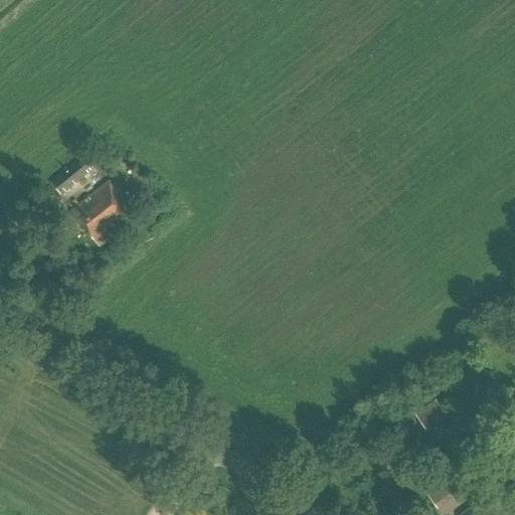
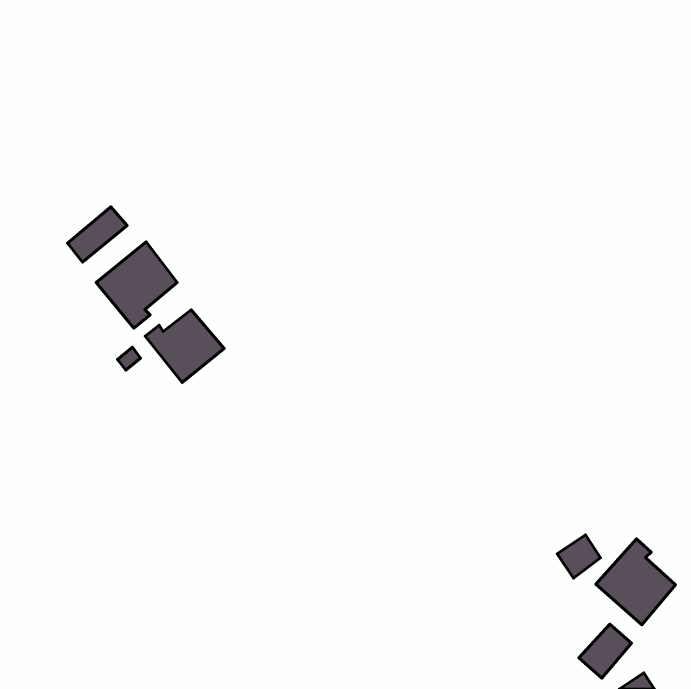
building: none -> [145,310,224,382]
building: none -> [596,539,675,625]

